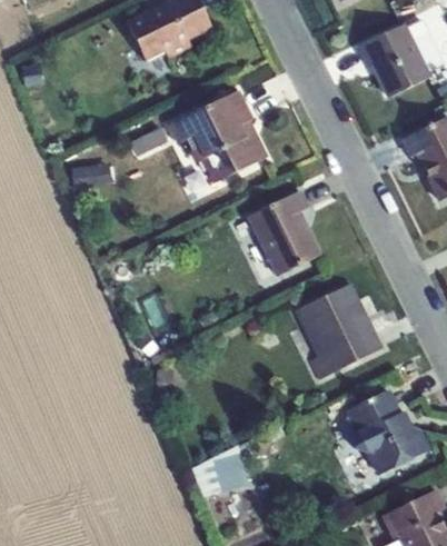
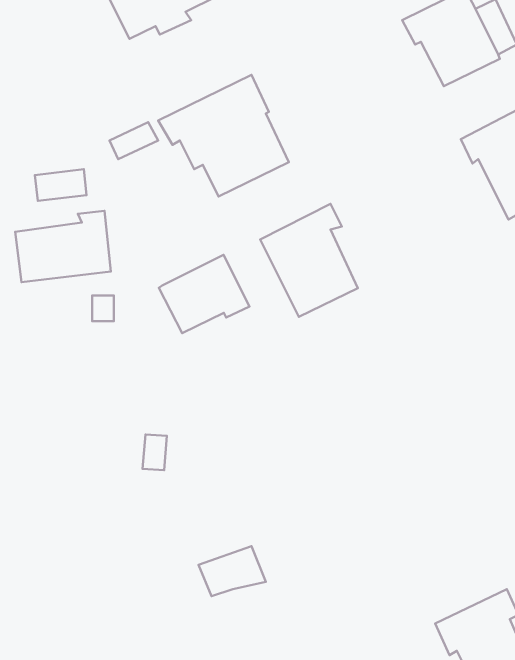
building: none -> [15,211,111,282]
building: none -> [159,255,249,333]
building: [296,282,384,379] -> none
building: [345,388,433,475] -> none

